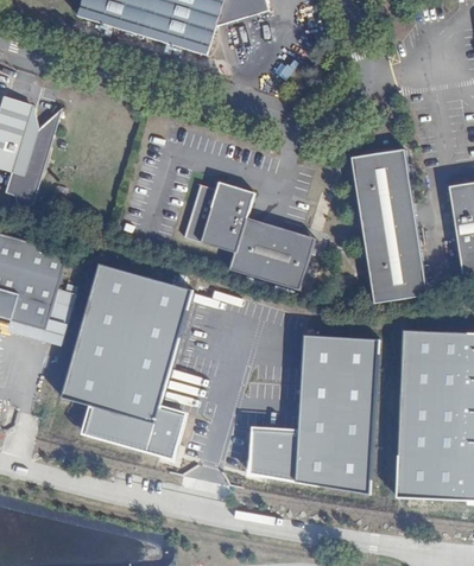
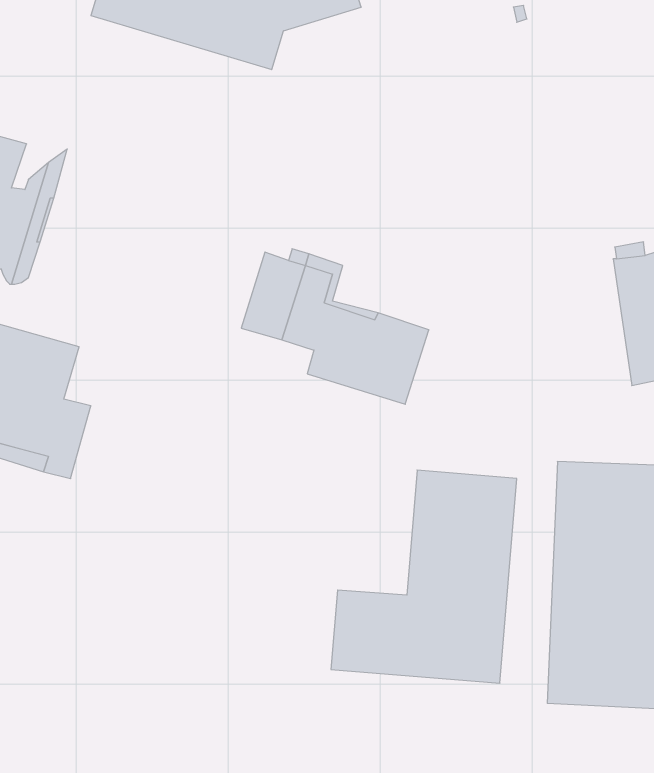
building: [352,148,426,301] -> none
building: [59,262,191,462] -> none

